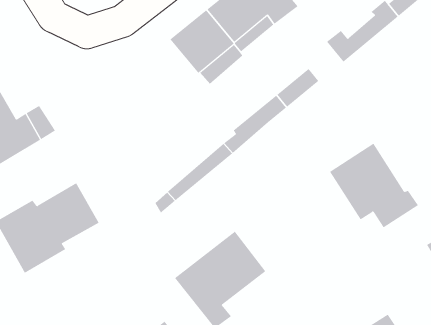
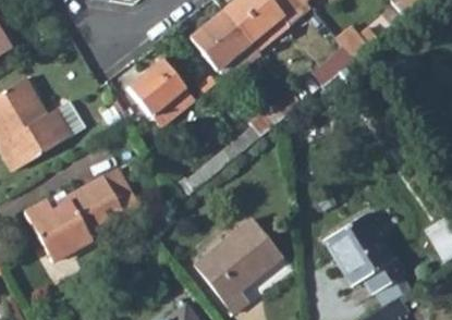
building: none -> [129,59,197,115]
building: [329,143,419,228] -> [321,211,406,292]

